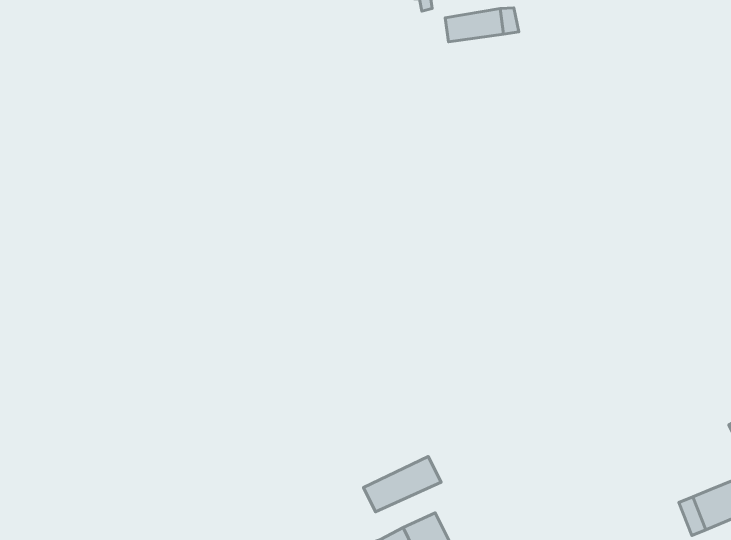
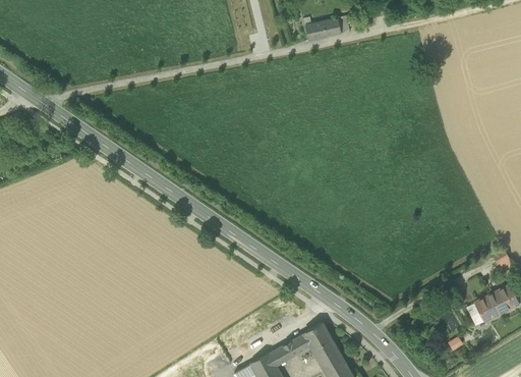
building: [364,456,441,512] -> none

